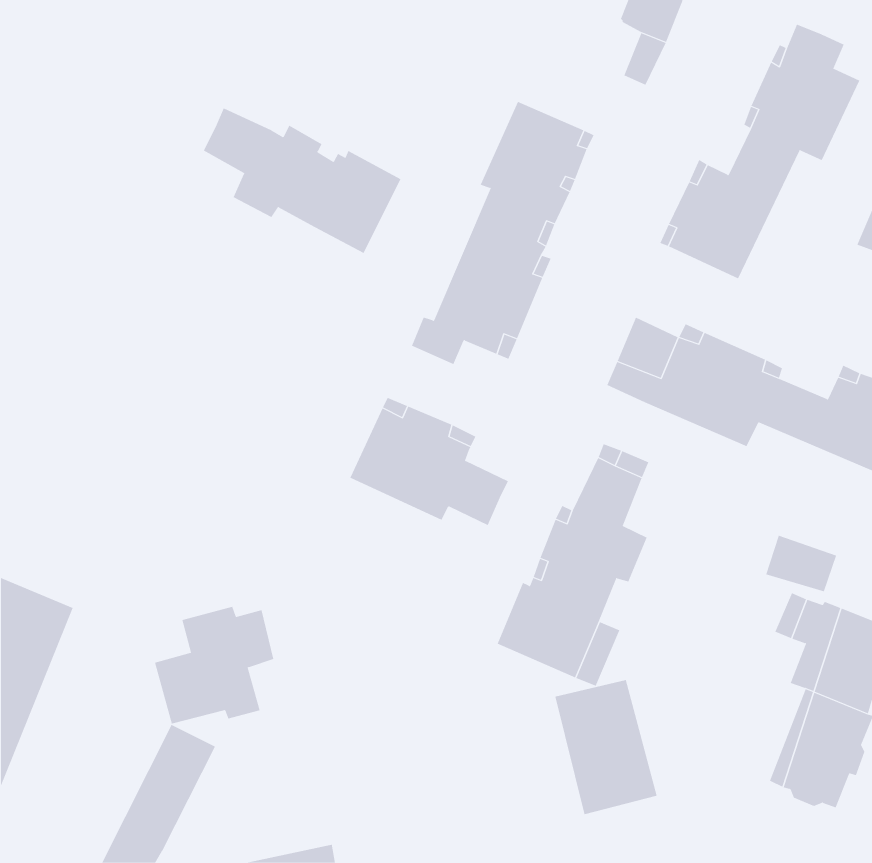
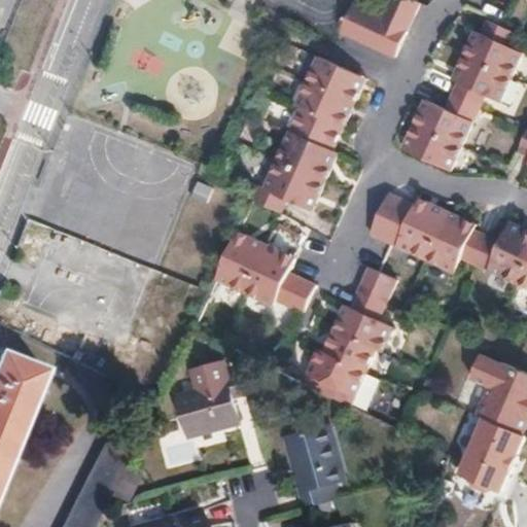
building: none -> [349,6,387,45]
building: [203,107,401,254] -> none
building: [765,535,837,592] -> none
building: [154,606,274,724] -> [177,368,249,440]
building: [555,679,657,815] -> [287,430,349,512]

